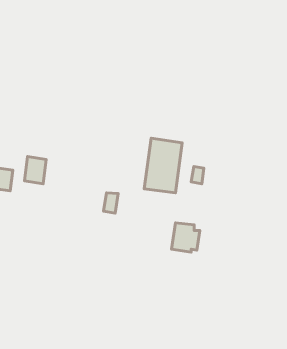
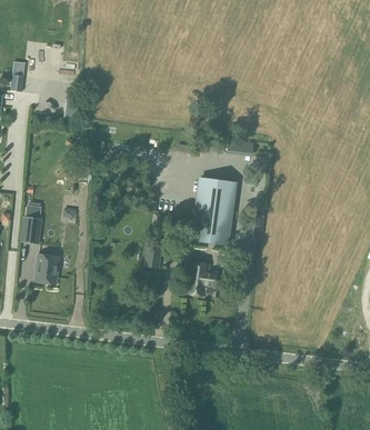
building: [25,157,46,184] -> [36,252,60,283]
building: [172,223,200,252] -> [184,261,217,294]

